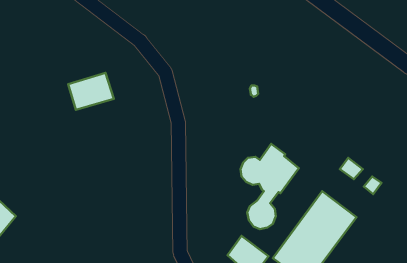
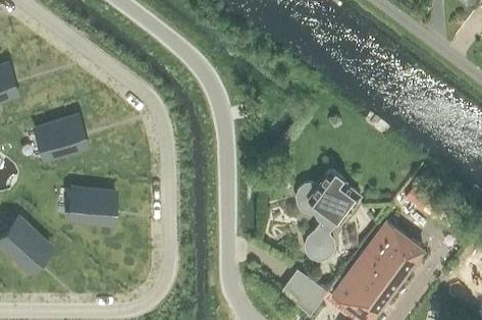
building: [68,73,114,110] -> [37,117,87,158]
building: none -> [69,189,116,223]

